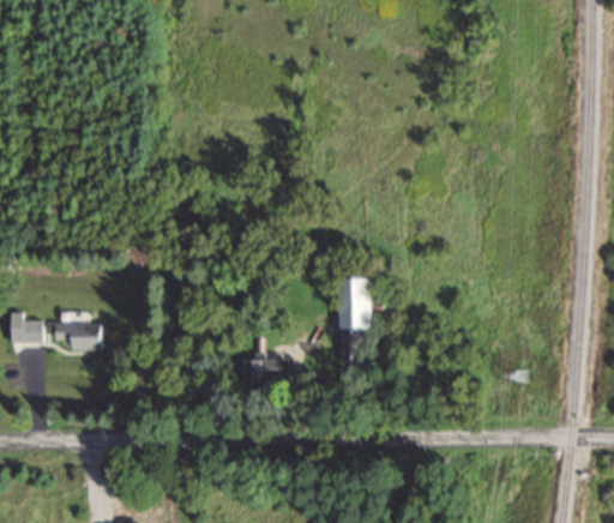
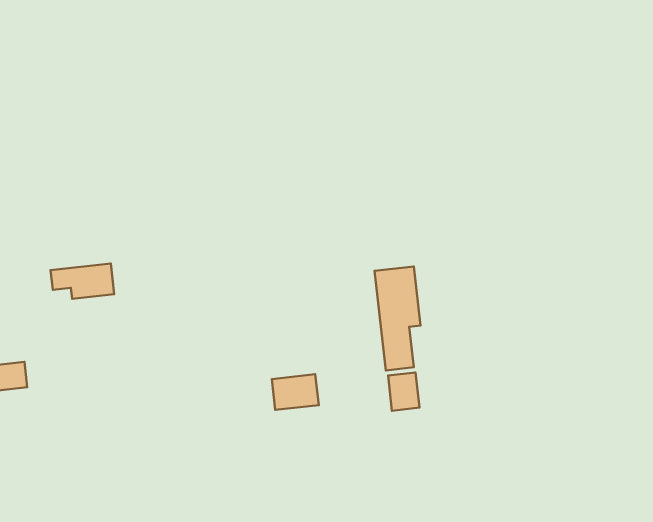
building: [46,320,97,347] -> [50,263,114,299]
building: none -> [388,372,420,411]

